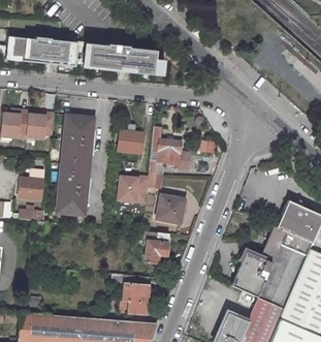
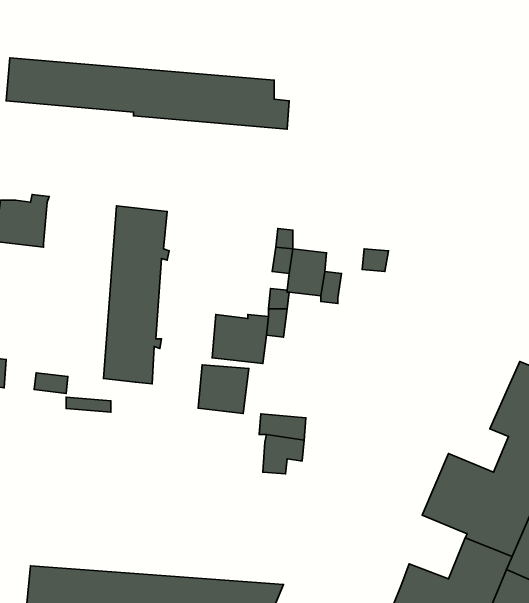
building: [26,114,56,139] -> none
building: [120,128,143,154] -> none
building: [19,174,43,199] -> none
building: [157,199,185,226] -> [198,365,249,414]
building: [120,277,149,316] -> none

